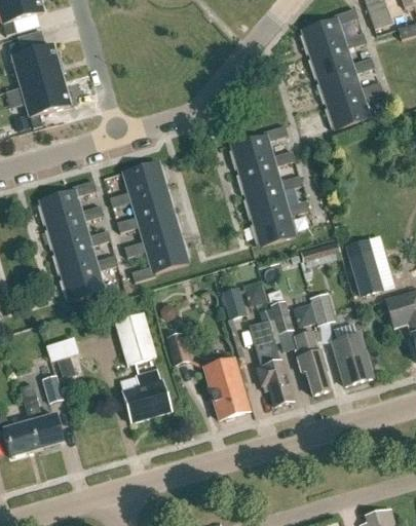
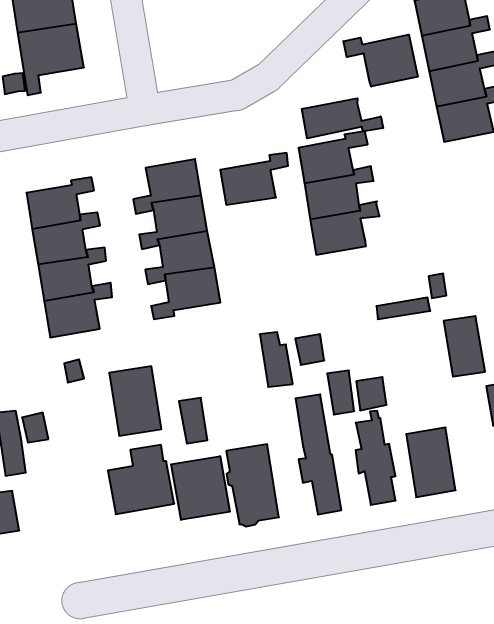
building: none -> [343,35,418,87]
building: none -> [302,98,383,138]
building: [253,201,301,243] -> [220,153,288,205]
building: [309,292,335,326] -> none
building: none -> [171,456,230,520]

